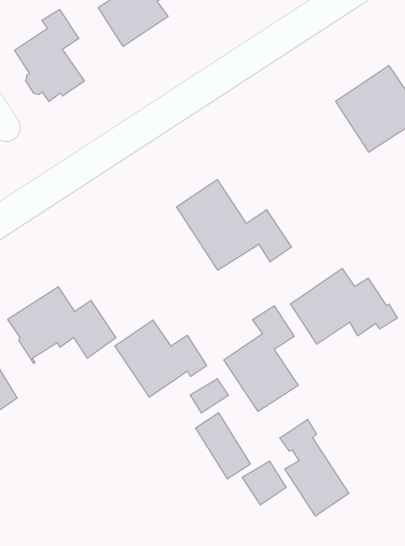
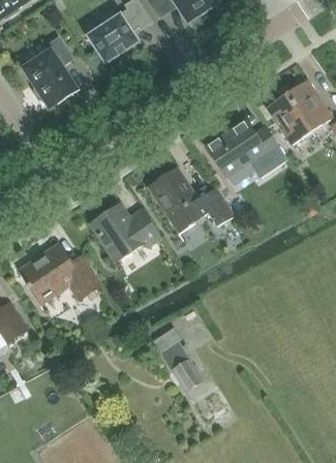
building: [290,269,397,344] -> [206,120,286,177]
building: [224,306,298,412] -> none
building: [115,320,207,397] -> [90,204,159,261]
building: [280,419,349,516] -> none

